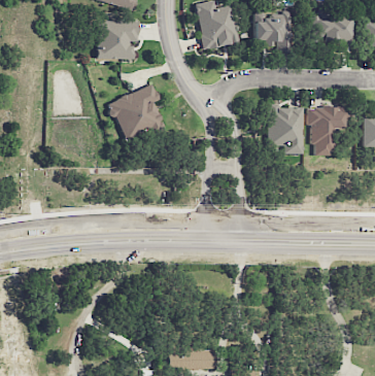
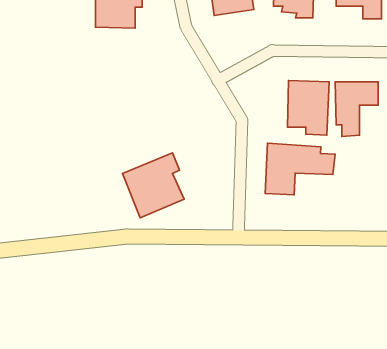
building: [108,84,163,142] -> [123,153,184,218]
building: none -> [265,143,335,195]

